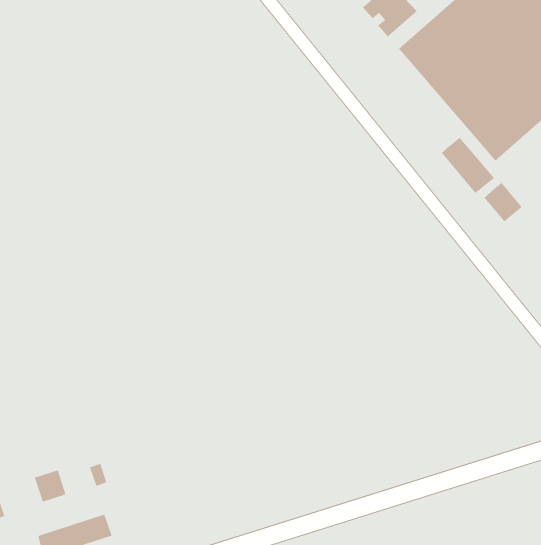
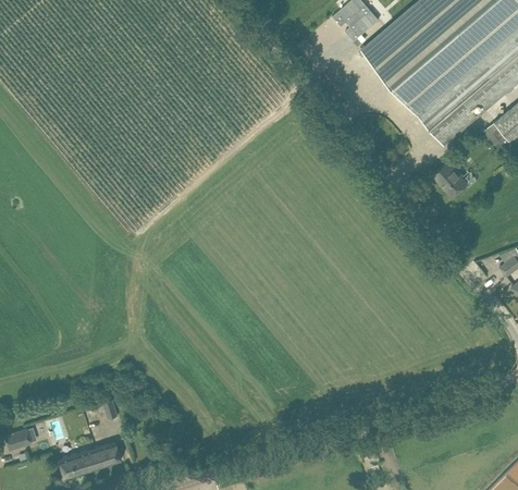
building: [441,137,495,194] -> none
building: [34,470,66,503] -> none

